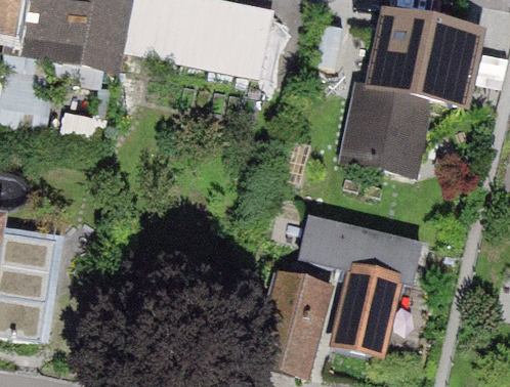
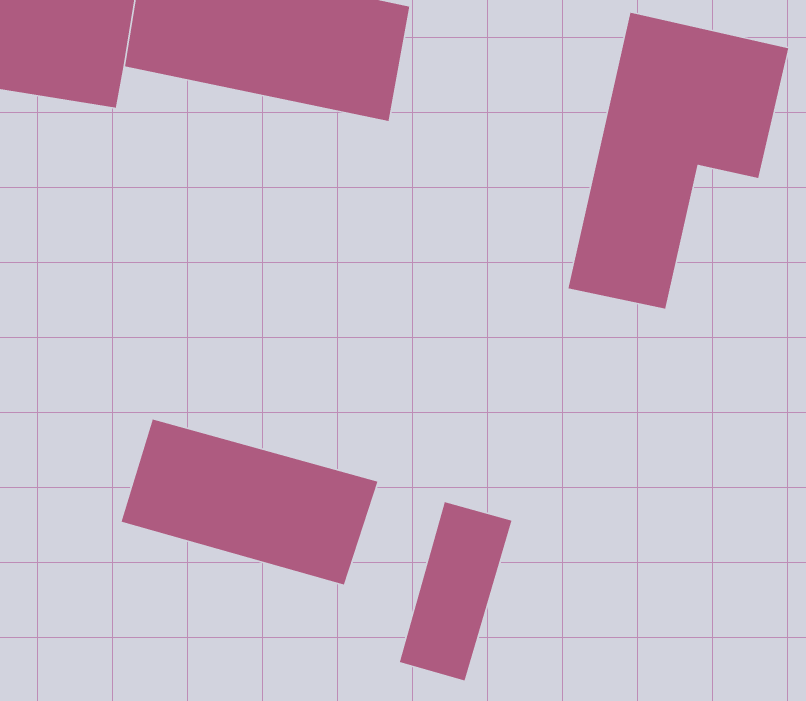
building: [298,210,425,358] -> none
building: none -> [120,419,379,586]

